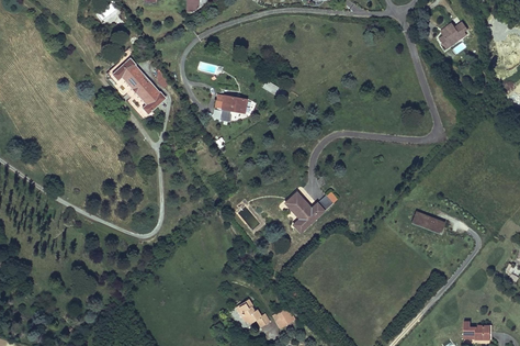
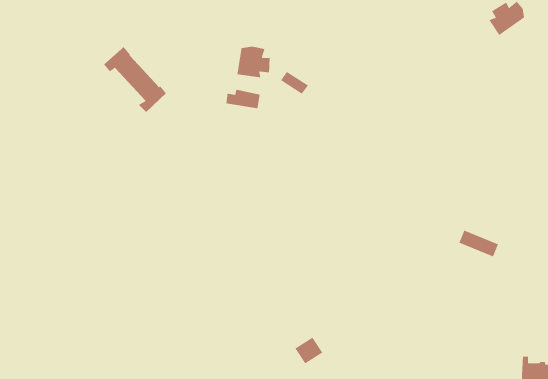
building: none -> [237,46,270,78]
building: [284,190,337,233] -> none
building: [234,299,270,326] -> none

